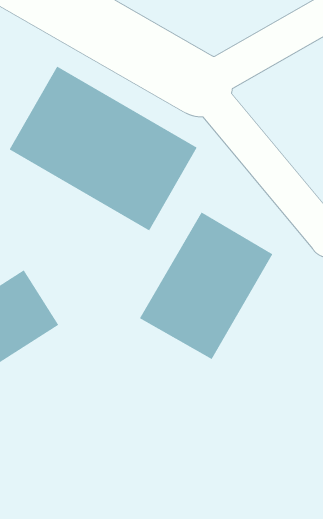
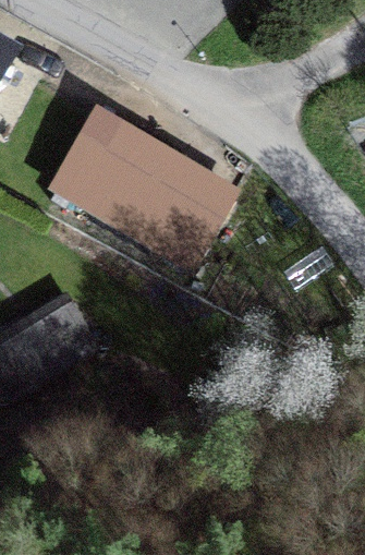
building: [139,211,273,360] -> none

